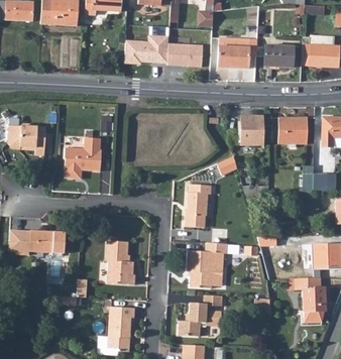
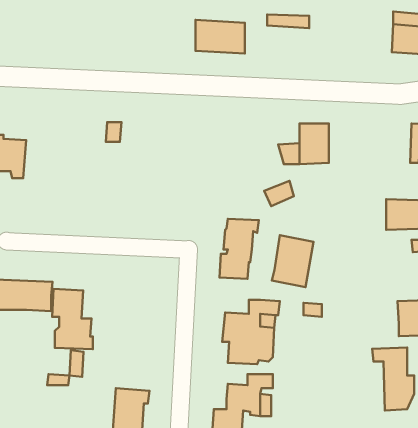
building: [125,32,168,64] -> none
building: [263,44,294,68] -> none
building: [218,45,249,69] -> none
building: [279,117,308,143] -> none
building: [64,138,102,181] -> none
building: none -> [272,235,313,287]
building: [106,241,135,284] -> [52,289,93,349]

